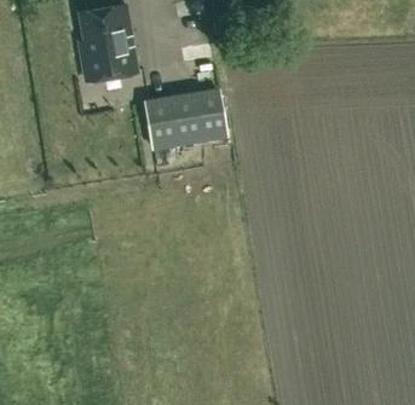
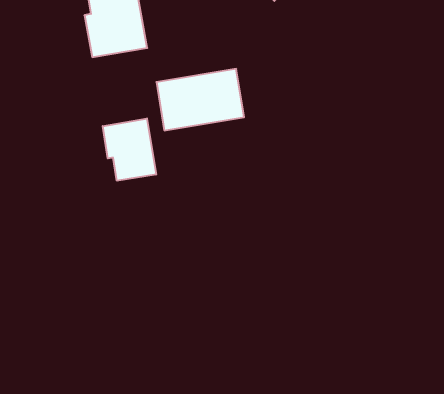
building: none -> [103,118,156,181]

